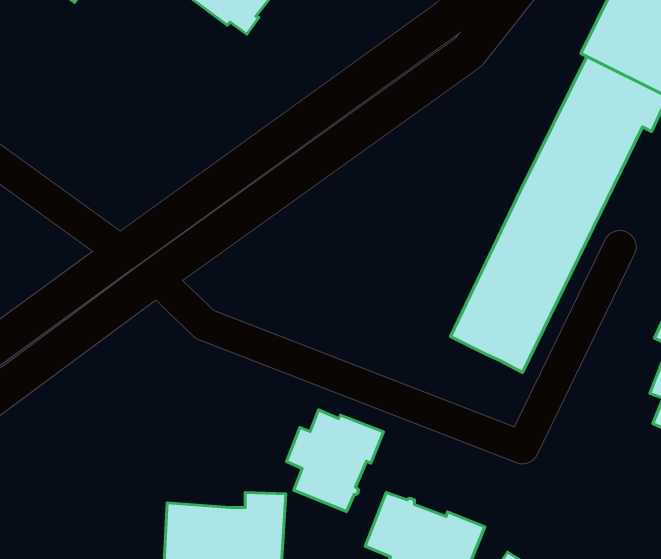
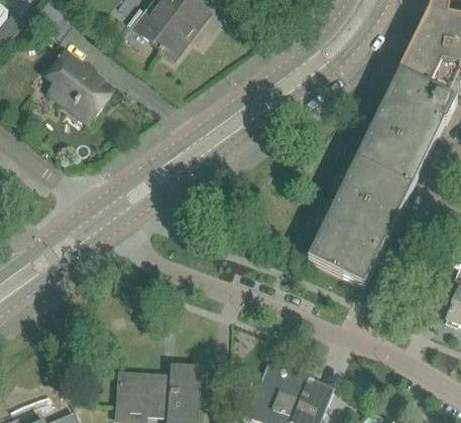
building: none -> [47,50,111,115]
building: [286,410,383,512] -> none

